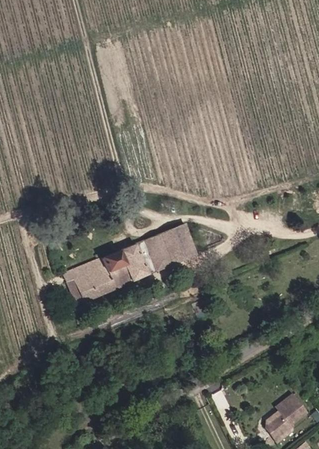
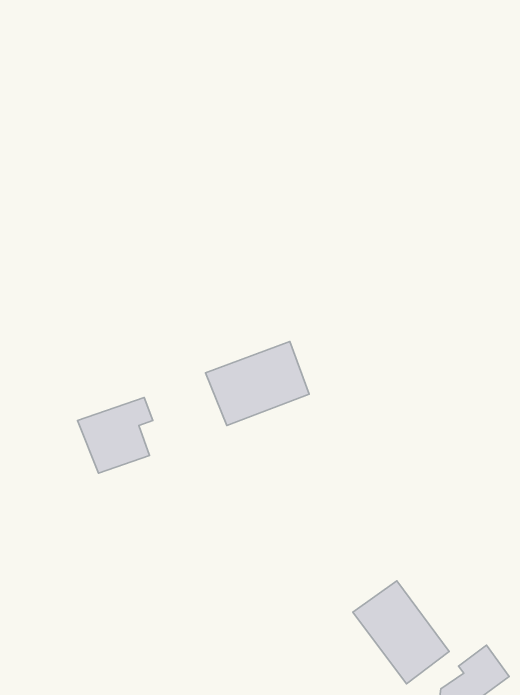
building: [96,244,146,291] -> none
building: none -> [353,581,449,684]

